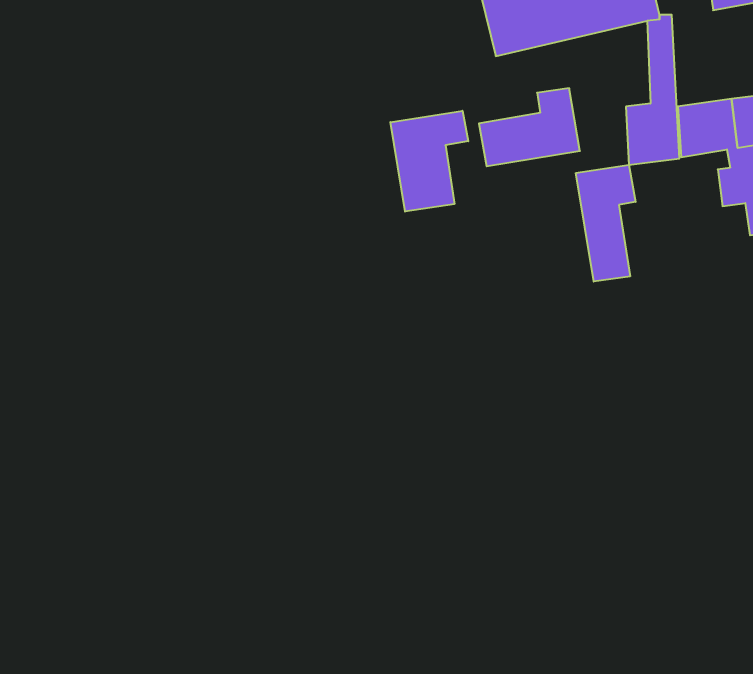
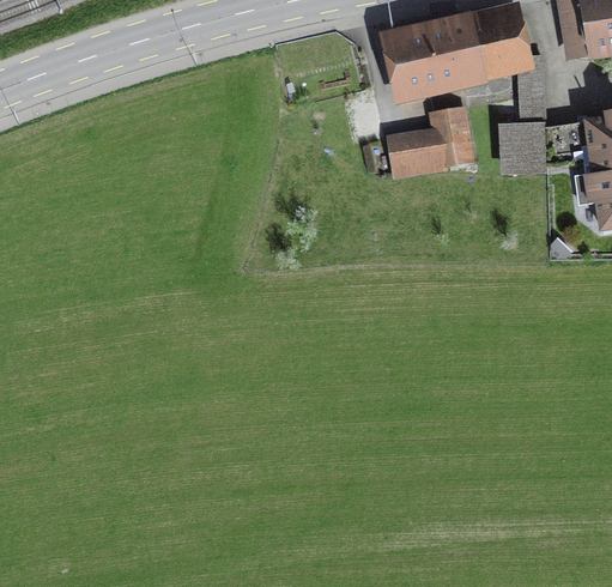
building: [390,111,468,212] -> none
building: [576,165,636,282] -> none

